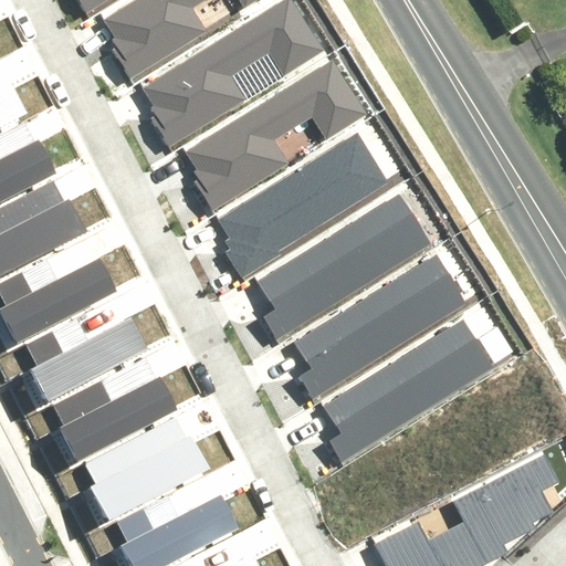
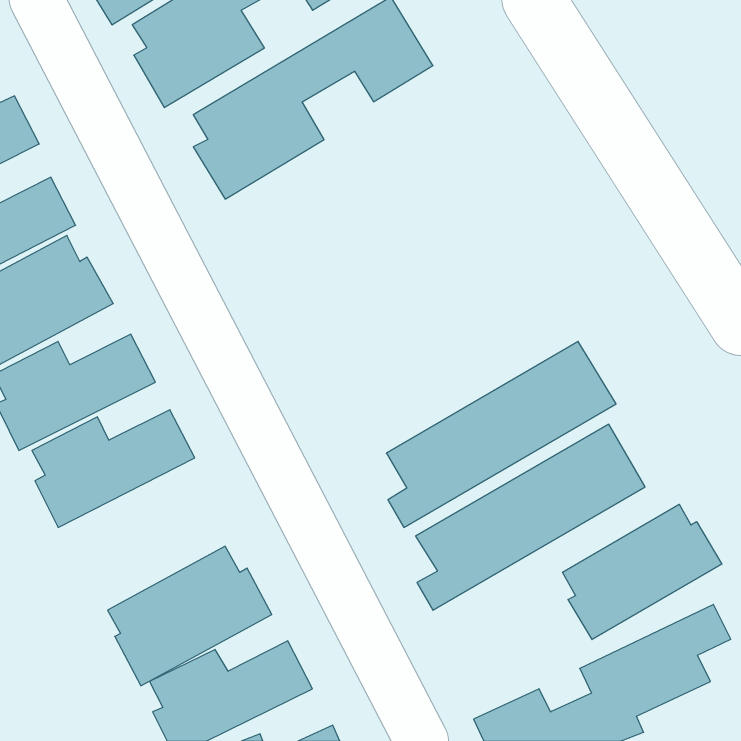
building: [187,64,369,218] -> none
building: [223,144,397,285] -> none
building: [255,205,430,345] -> none
building: [56,369,179,459] -> none
building: none -> [563,504,722,640]

